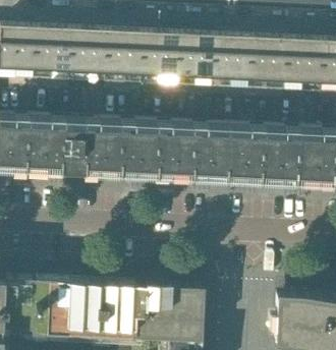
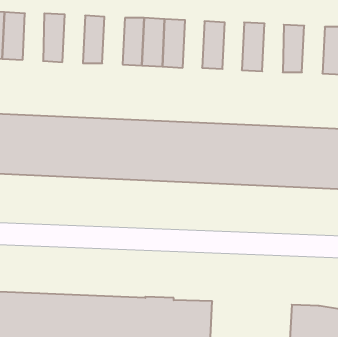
building: [39,28,58,71] -> none
building: [74,30,95,73] -> none
building: [110,32,130,74] -> none
building: [182,35,202,77] -> none
building: [218,37,237,79] -> none
building: [254,38,273,81] -> none
building: [289,40,310,82] -> none

